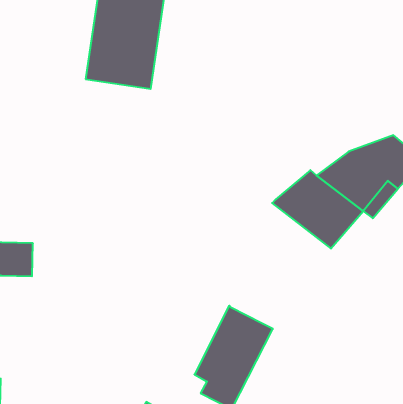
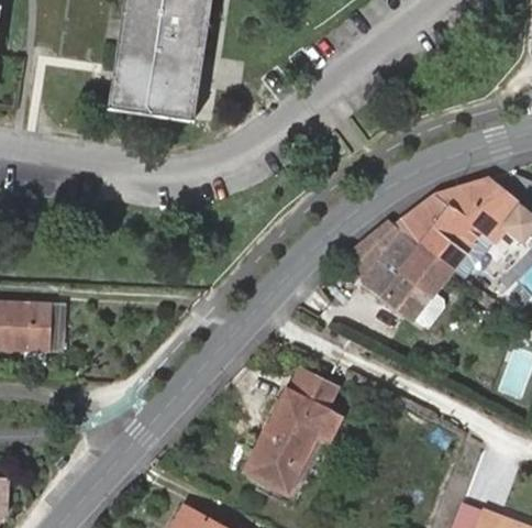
building: none -> [290,367,339,408]

